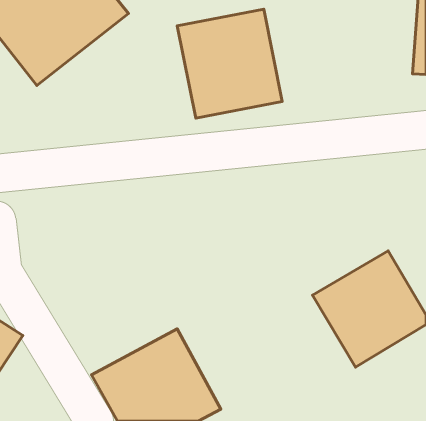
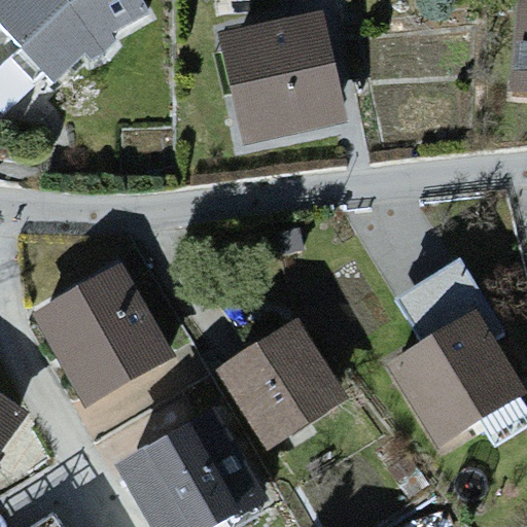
building: none -> [29,261,177,410]
building: none -> [216,315,349,447]

